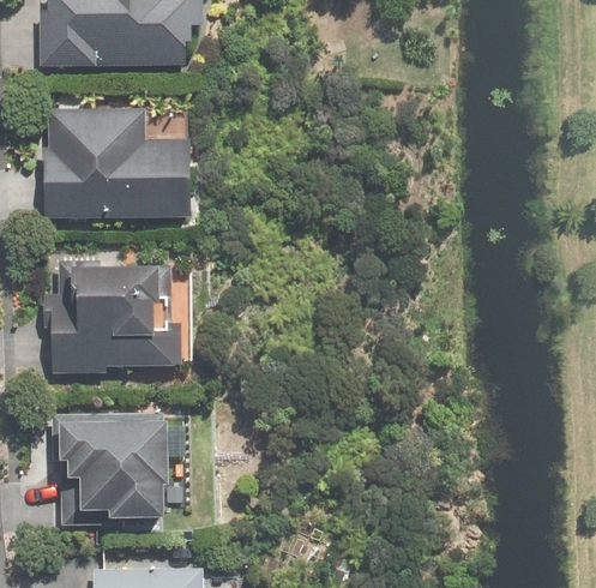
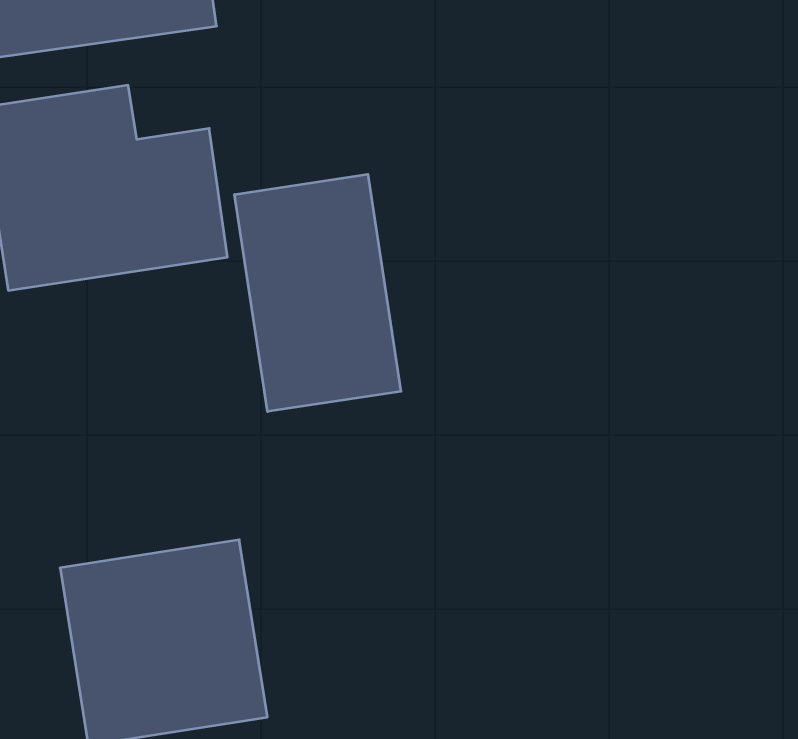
building: none -> [235,174,401,412]
building: [41,263,173,374] -> none

